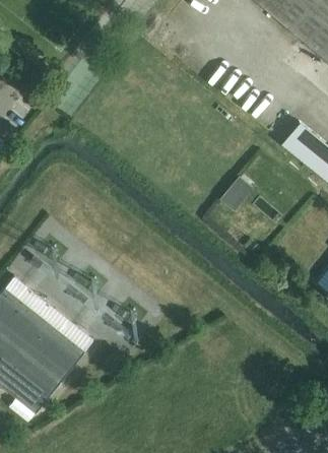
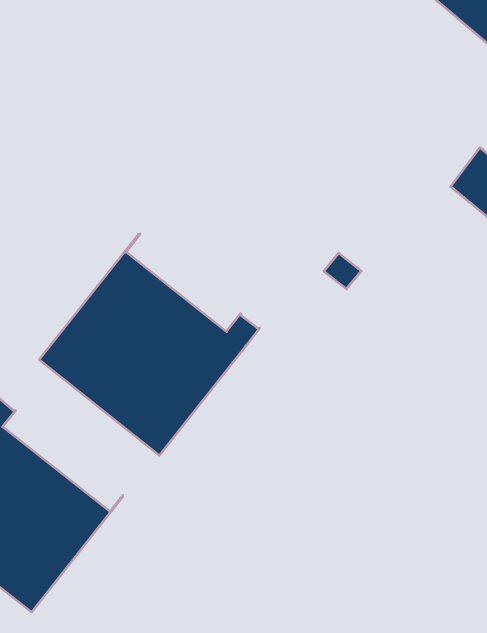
building: none -> [39,234,260,455]

